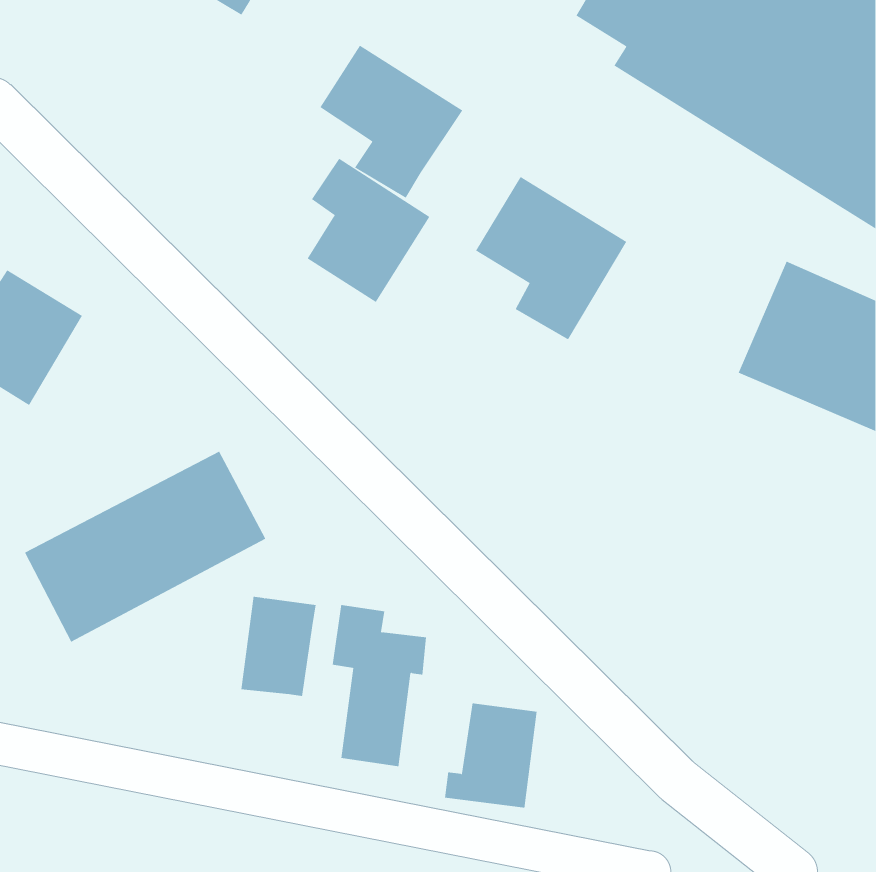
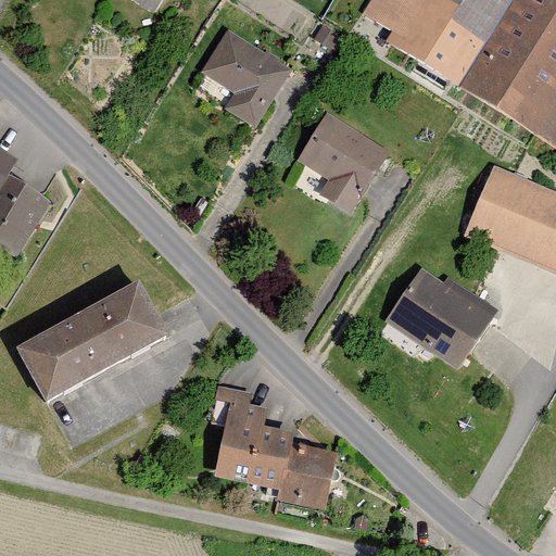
building: [307,158,430,303] -> none
building: none -> [392,262,501,368]
building: [241,596,317,696] -> [251,424,299,486]

